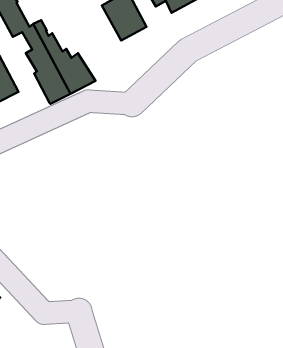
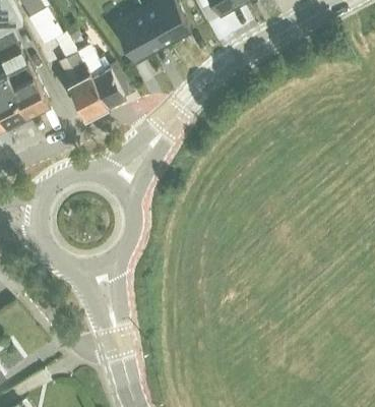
building: none -> [112,8,163,63]

